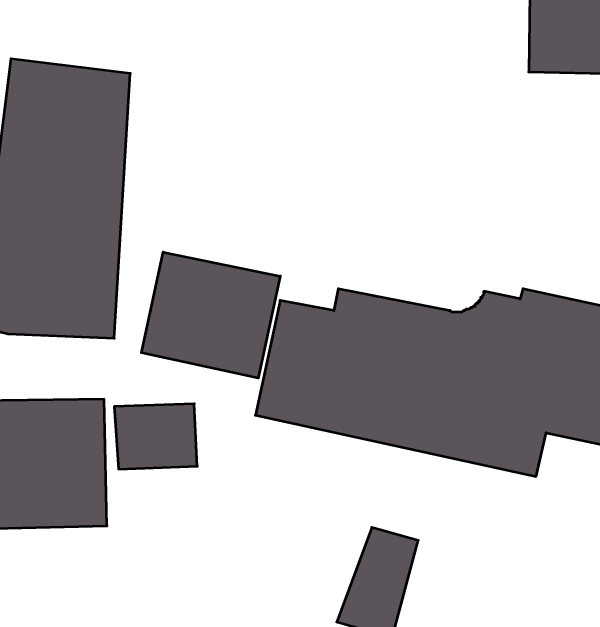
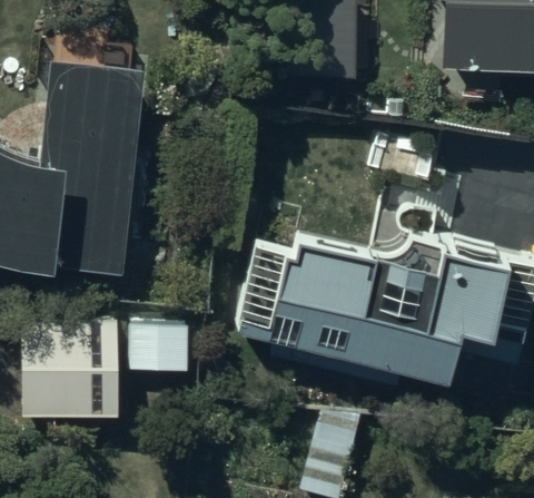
building: [141,252,280,378] -> none

